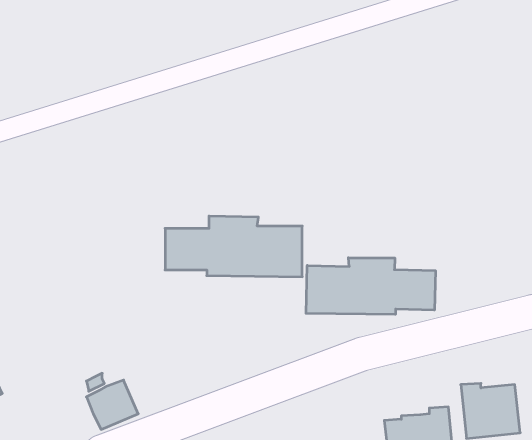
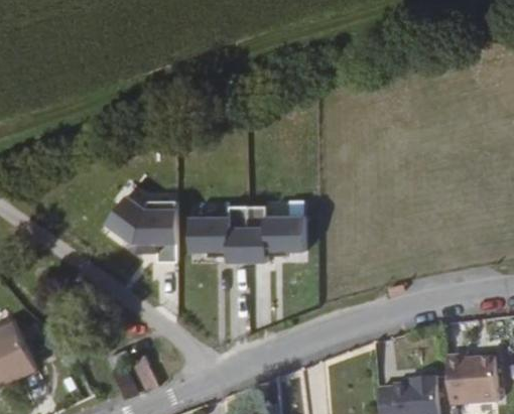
building: none -> [107,200,177,262]
building: [306,258,435,314] -> none

